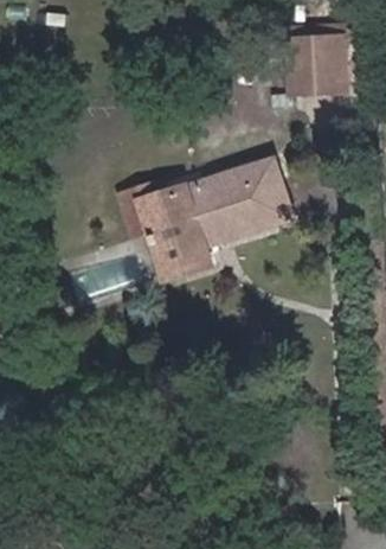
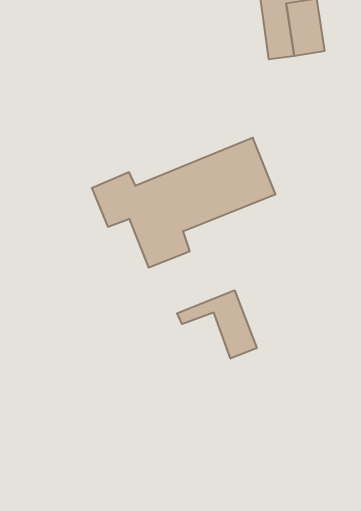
building: none -> [177,290,257,359]

